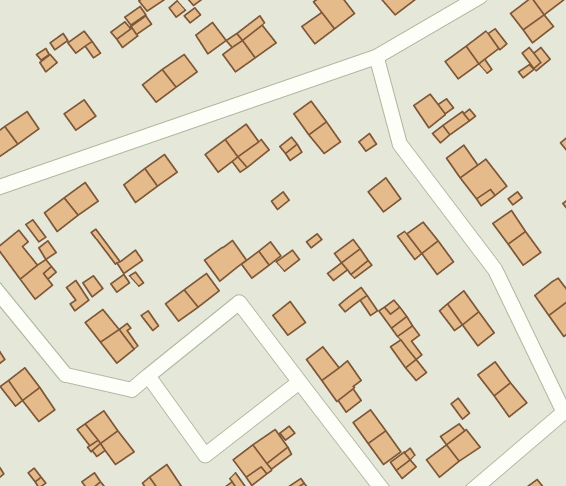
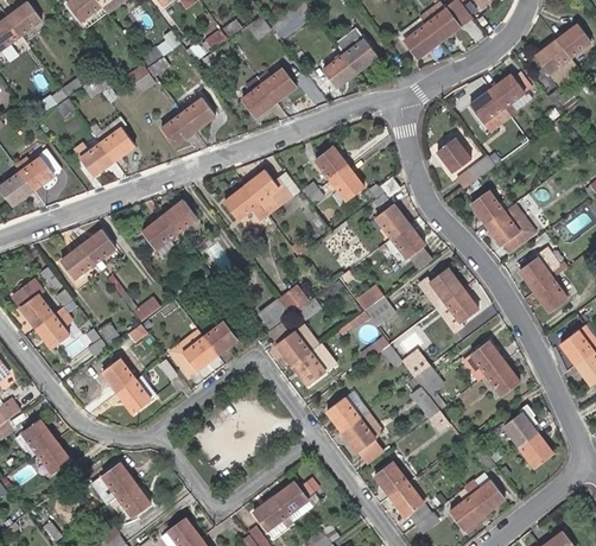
building: [196,23,226,54] -> none
building: none -> [101,129,134,161]
building: none -> [375,203,408,239]
building: [205,240,247,281] -> [278,323,321,364]

